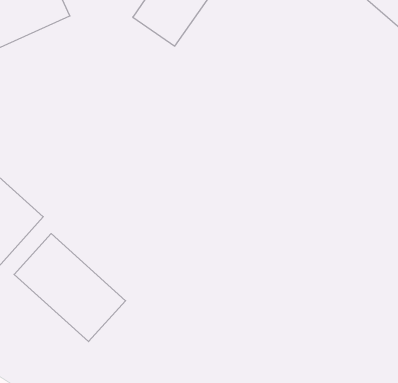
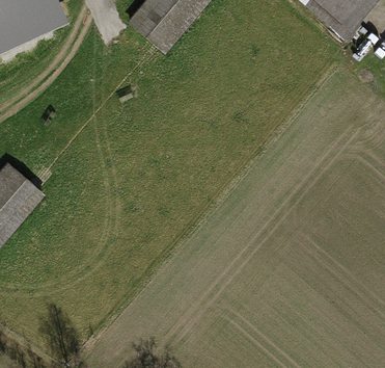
building: [14,234,126,342] -> none

